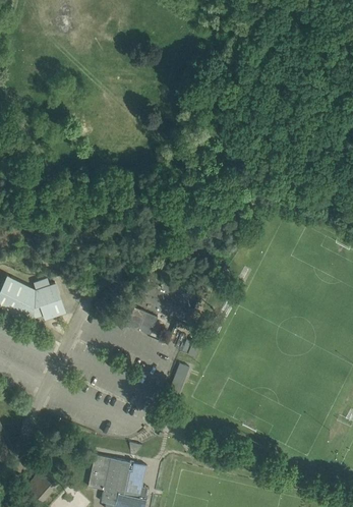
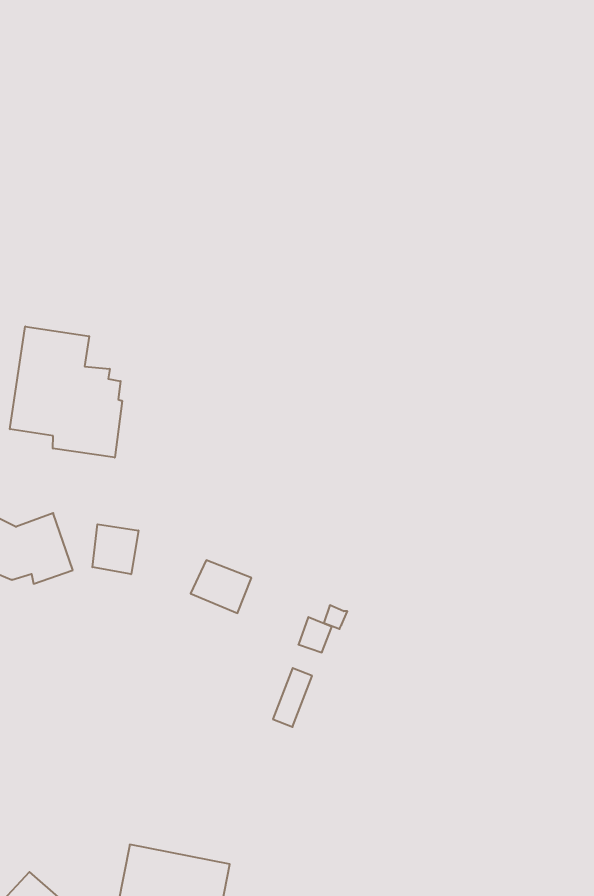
building: none -> [10,326,122,458]
building: none -> [92,524,138,574]

